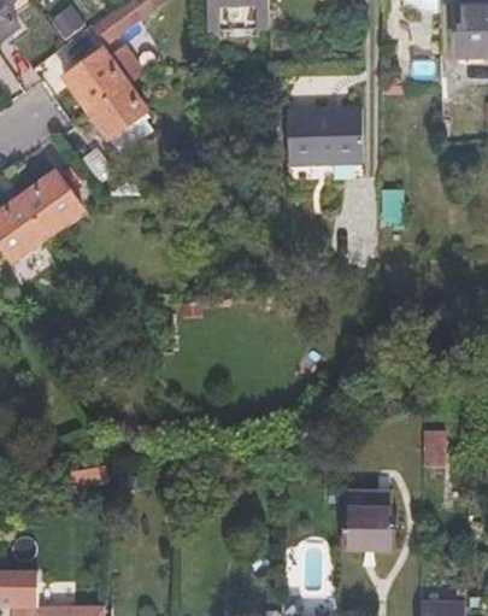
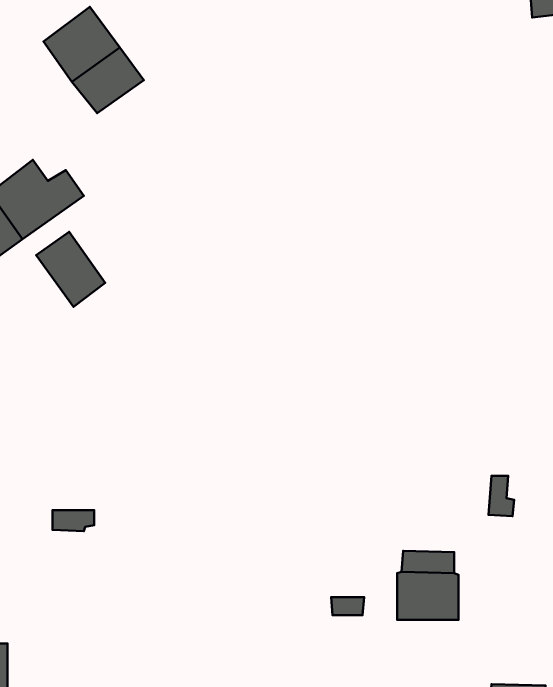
building: [289,110,361,177] -> none
building: none -> [36,232,105,307]

